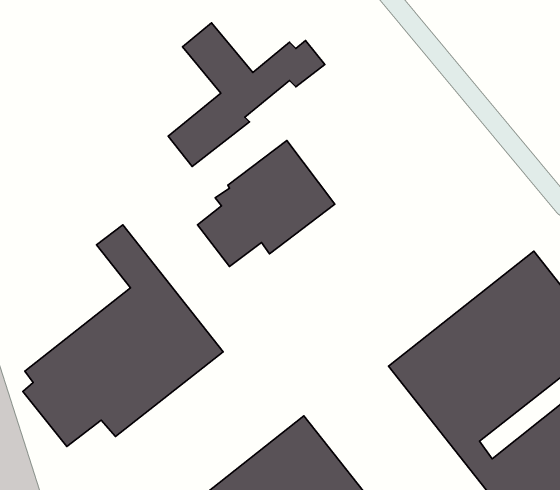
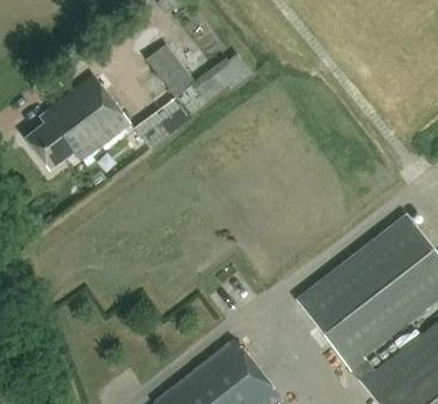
building: [198,140,335,266] -> [26,75,130,170]
building: [23,225,223,446] -> none

